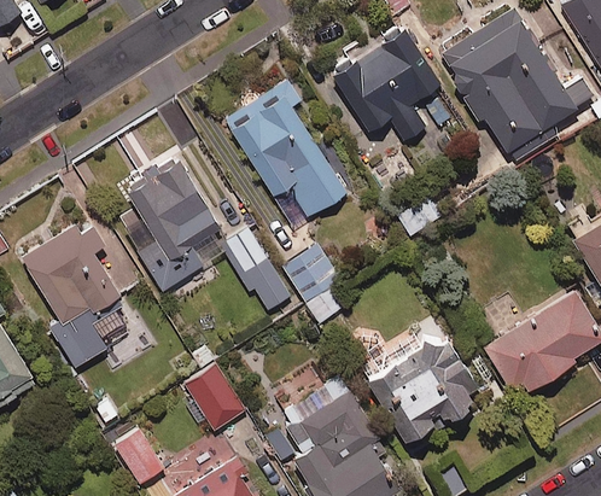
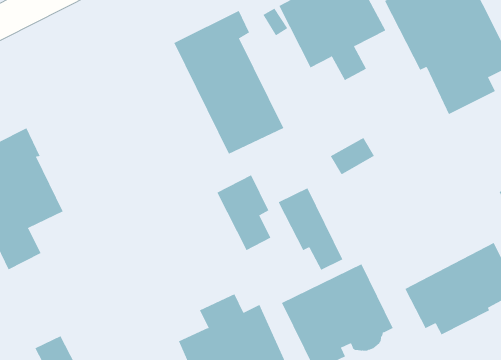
building: [126,159,220,291] -> none
building: [218,228,291,311] -> [278,188,343,270]
building: [188,370,245,431] -> none

